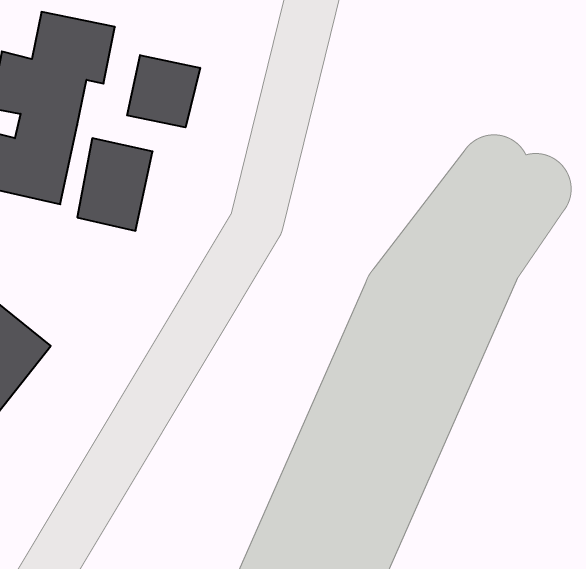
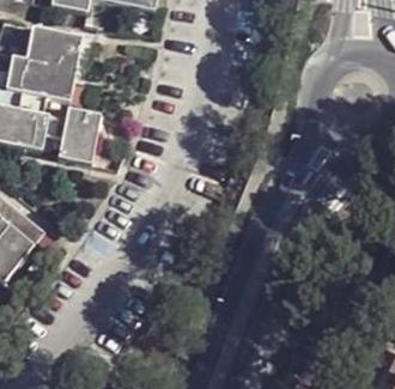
building: [127,55,200,127] -> none

